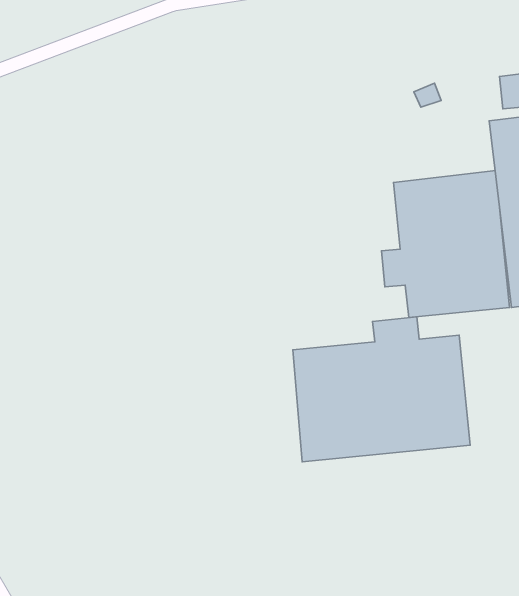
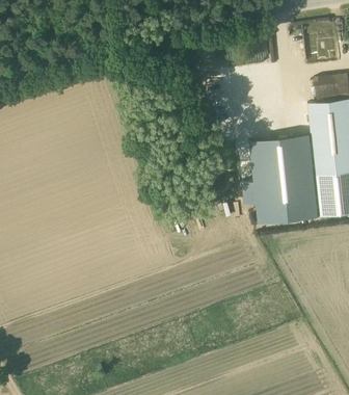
building: [293,317,470,462] -> none

